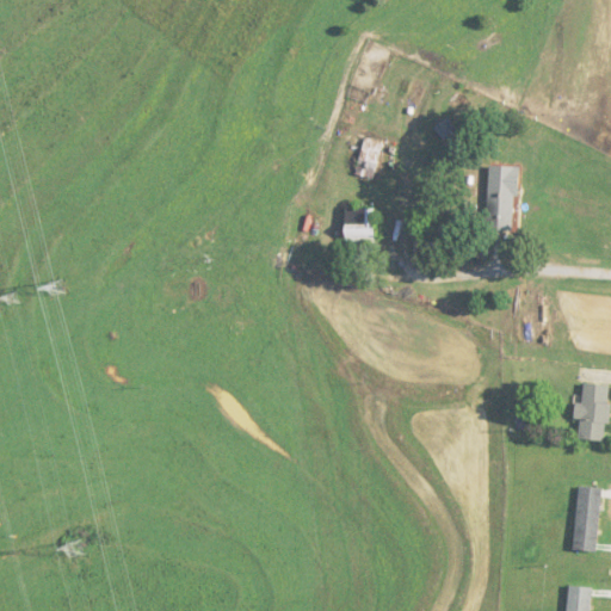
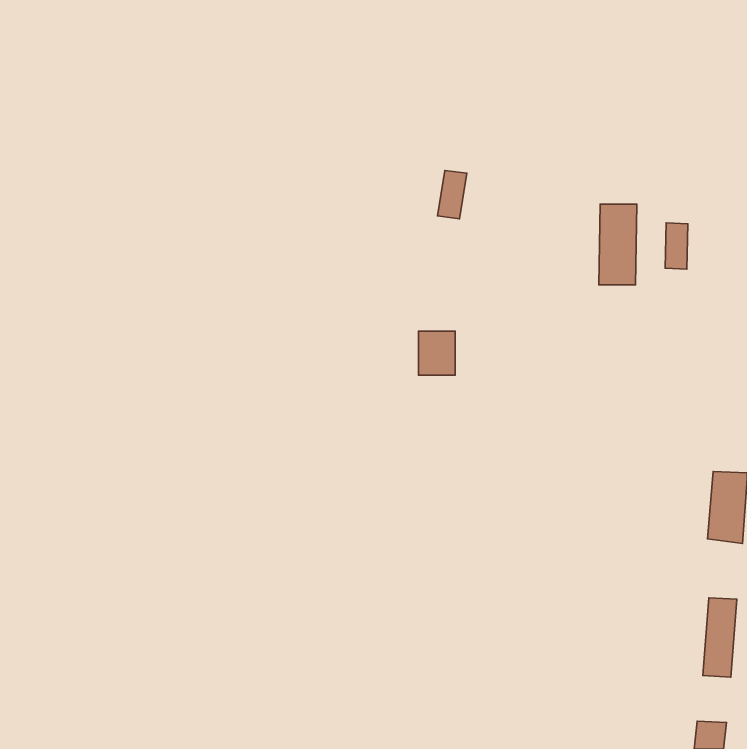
building: none -> [665,223,688,269]
building: [345,208,375,243] -> [419,331,455,375]

